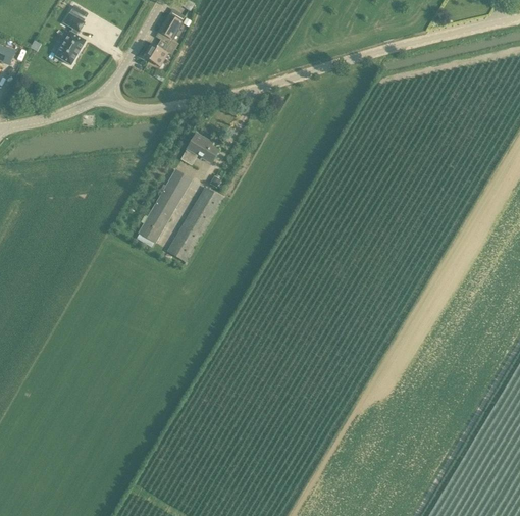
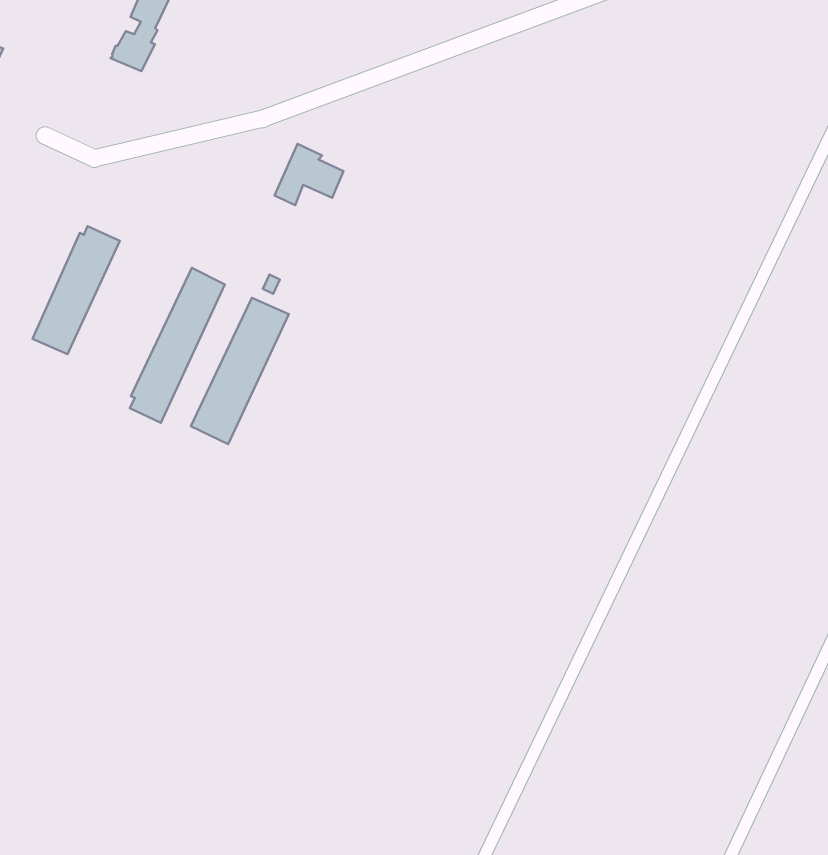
building: [181,132,218,163] -> [275,144,343,205]
building: none -> [32,226,120,354]

